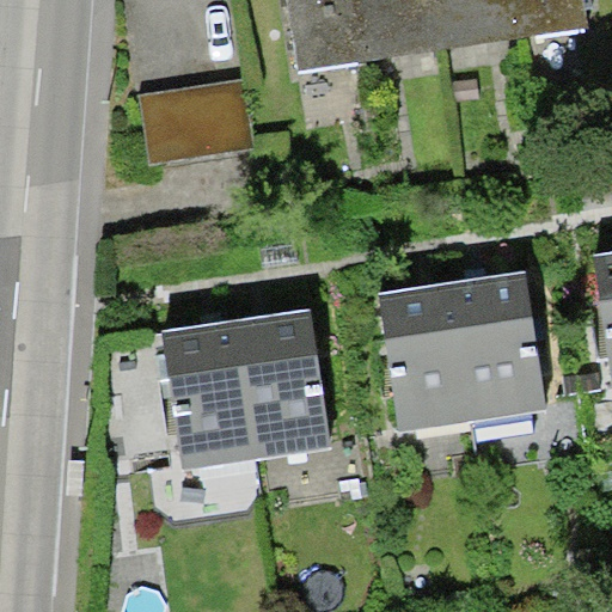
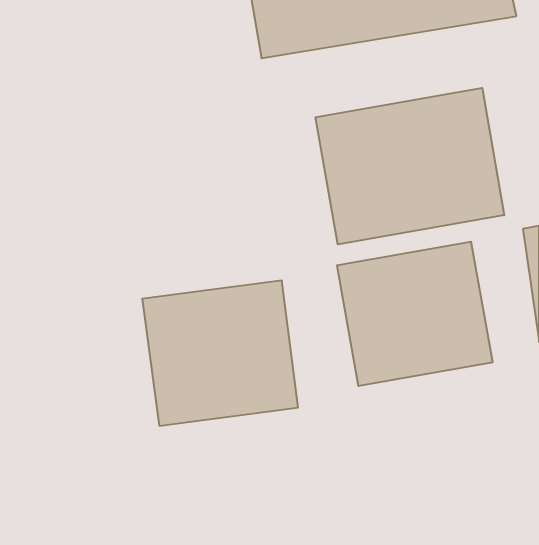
building: [137,74,256,165] -> none
building: none -> [316,88,504,244]

